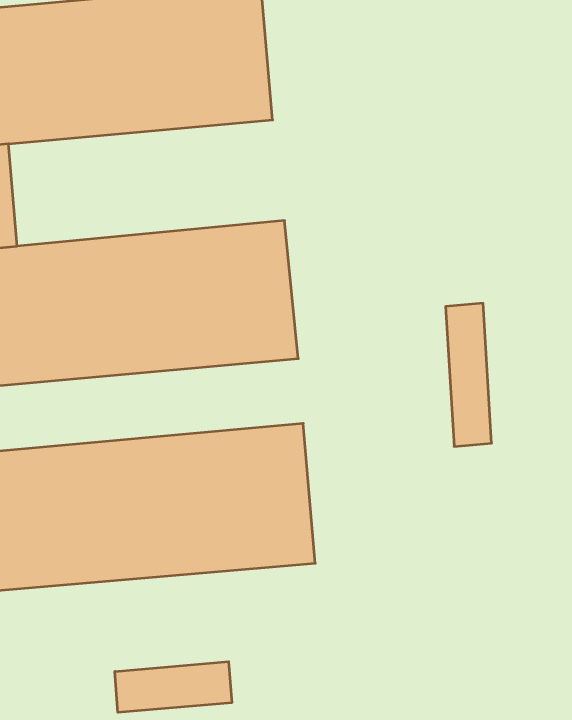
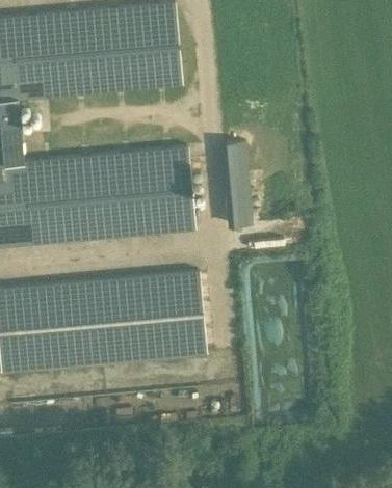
building: [446,303,492,446] -> [226,137,254,224]
building: [115,662,232,712] -> none

